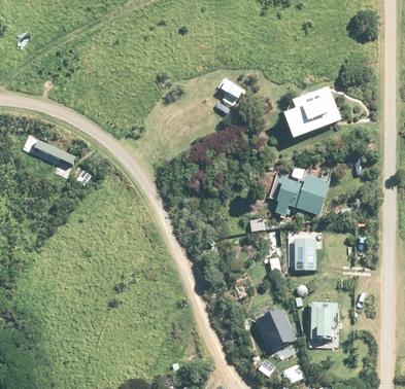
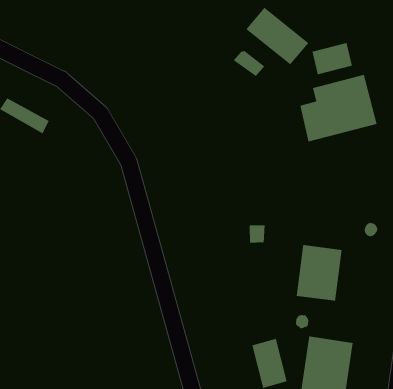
building: none -> [246,7,309,65]
building: none -> [312,42,352,75]
building: [268,168,330,215] -> none

